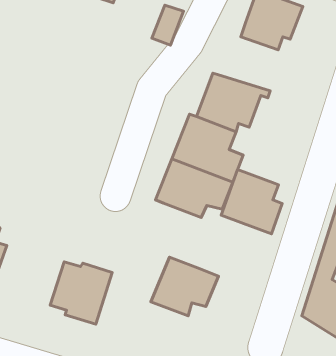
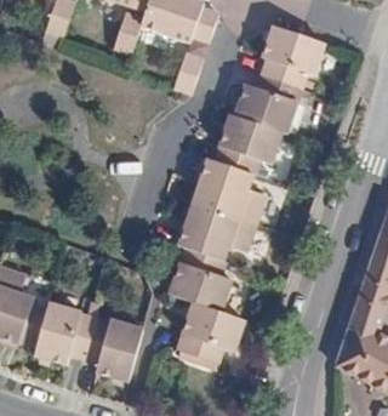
building: none -> [246,75,316,131]
building: [221,169,282,234] -> [173,247,236,314]
building: none -> [27,290,87,353]

